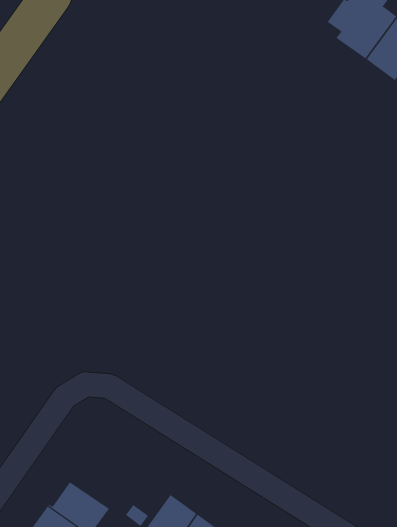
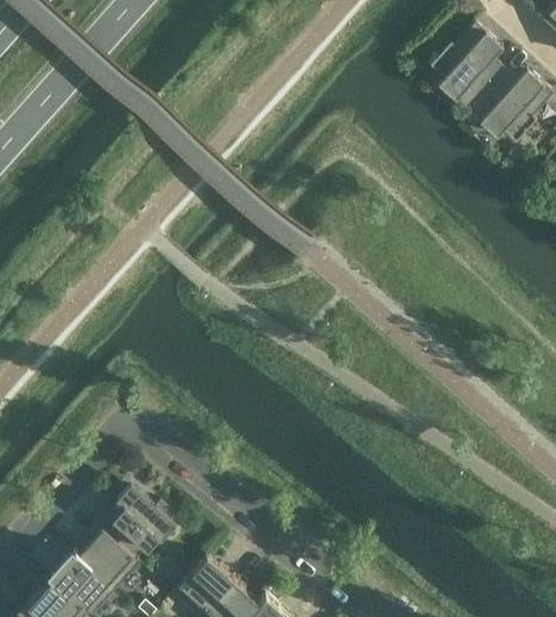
building: none -> [100,489,176,563]

